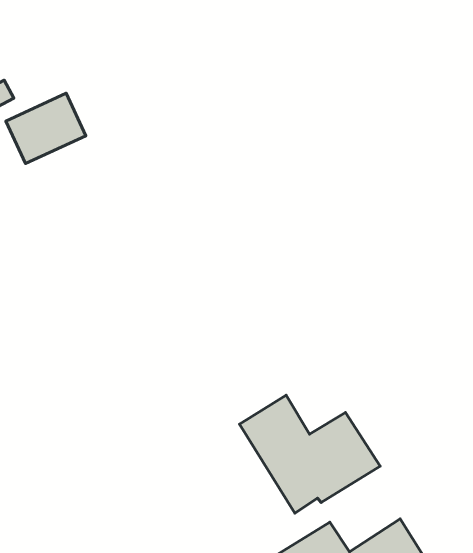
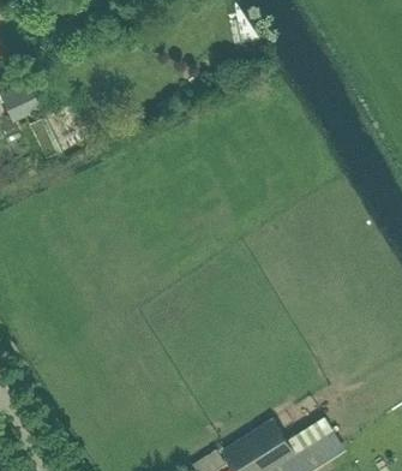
building: [239,395,380,513] -> none

